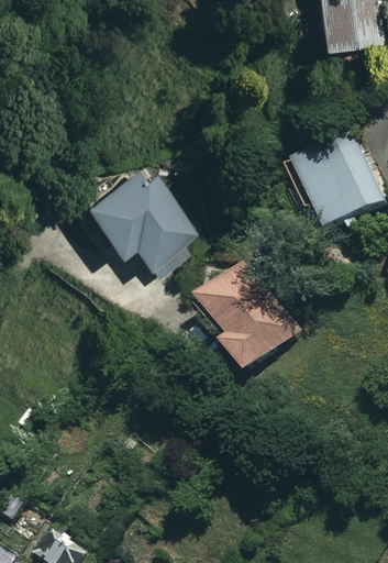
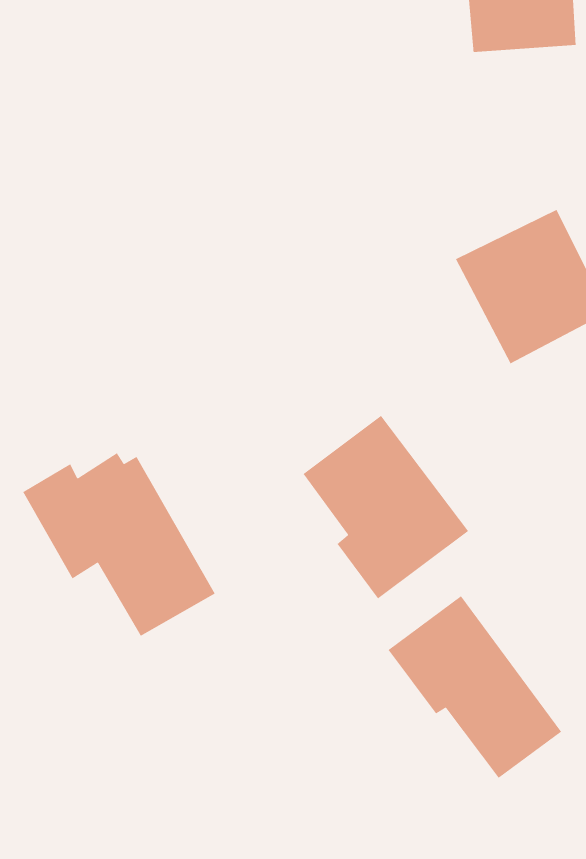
building: [75,168,193,282] -> [22,452,216,637]
building: none -> [388,595,562,779]

